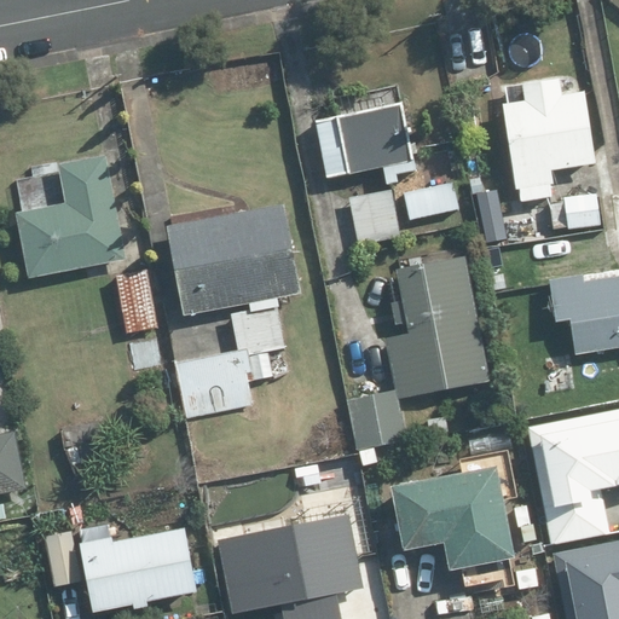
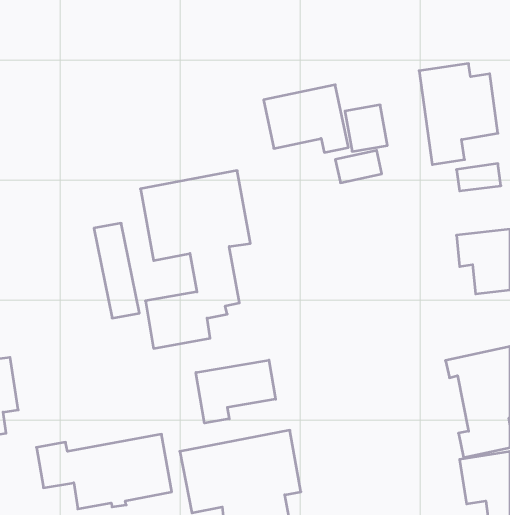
building: [17,156,125,278] -> none
building: [347,190,398,245] -> [345,105,387,151]
building: [343,254,488,449] -> none
building: none -> [196,360,276,423]
building: [395,462,520,568] -> none

